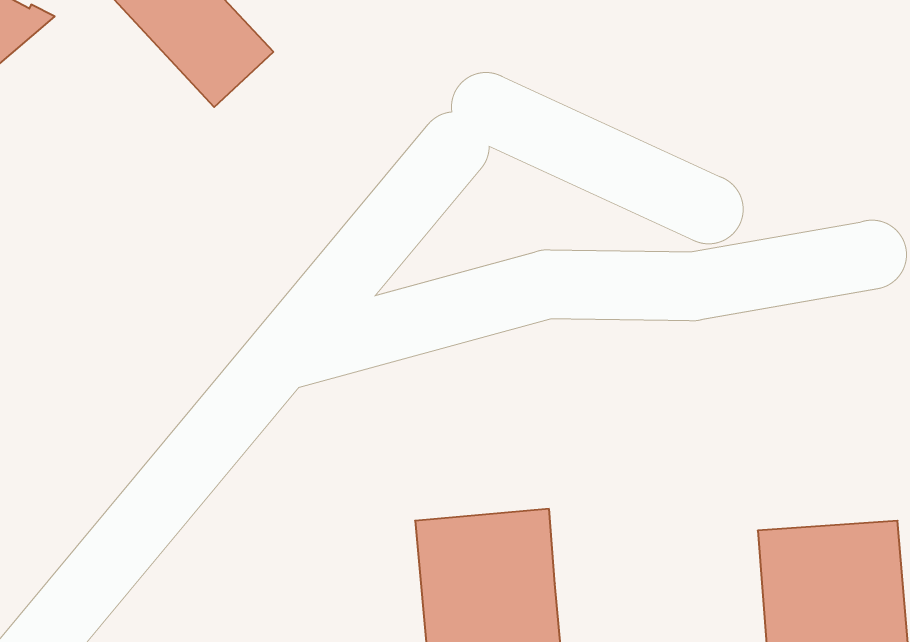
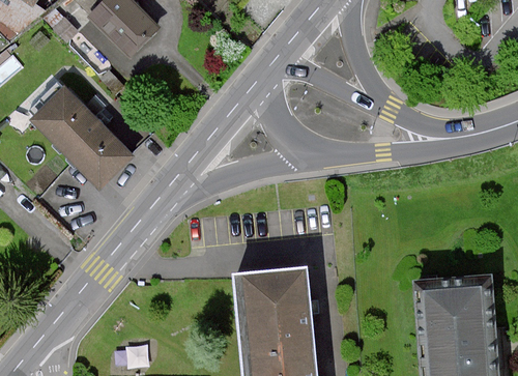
building: none -> [30,86,136,192]

